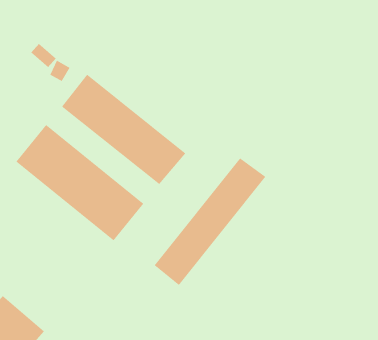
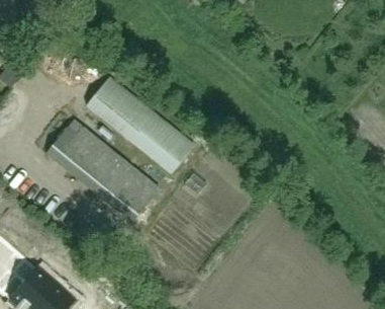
building: [154,158,266,286] -> none

